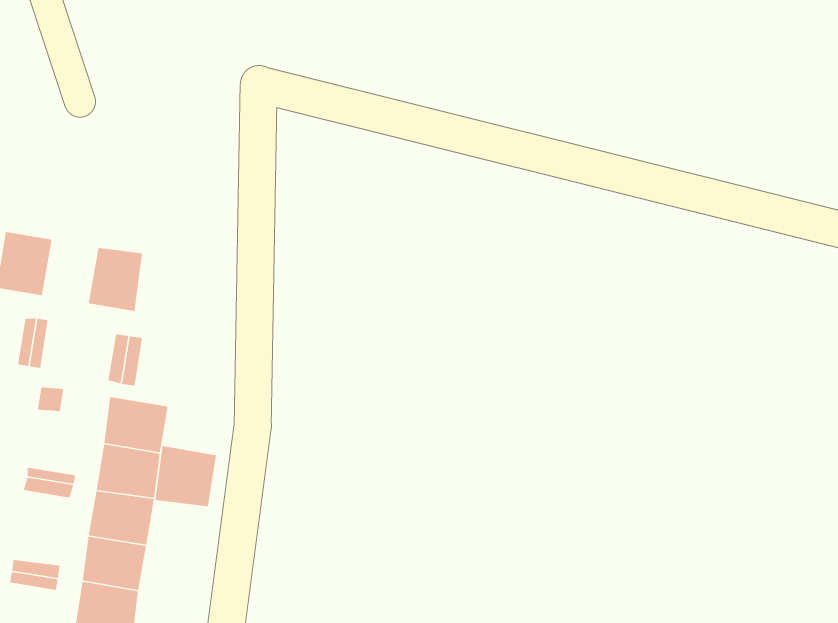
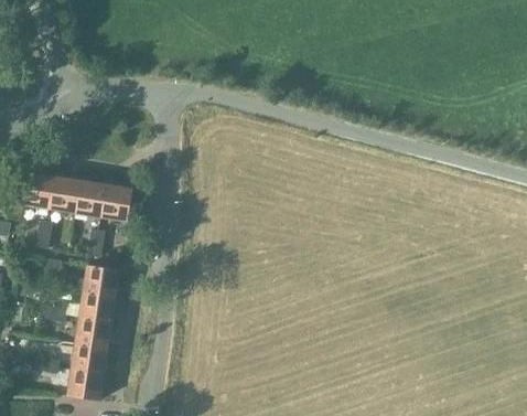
building: none -> [49,175,79,212]
building: none -> [100,183,131,221]
building: [155,445,217,507] -> none

